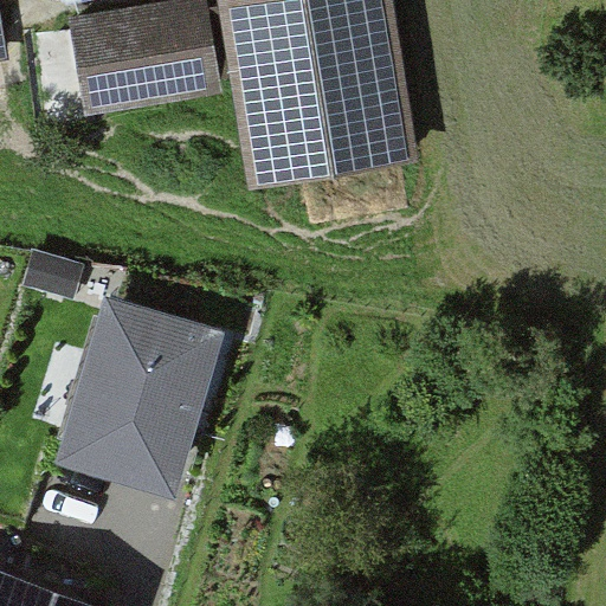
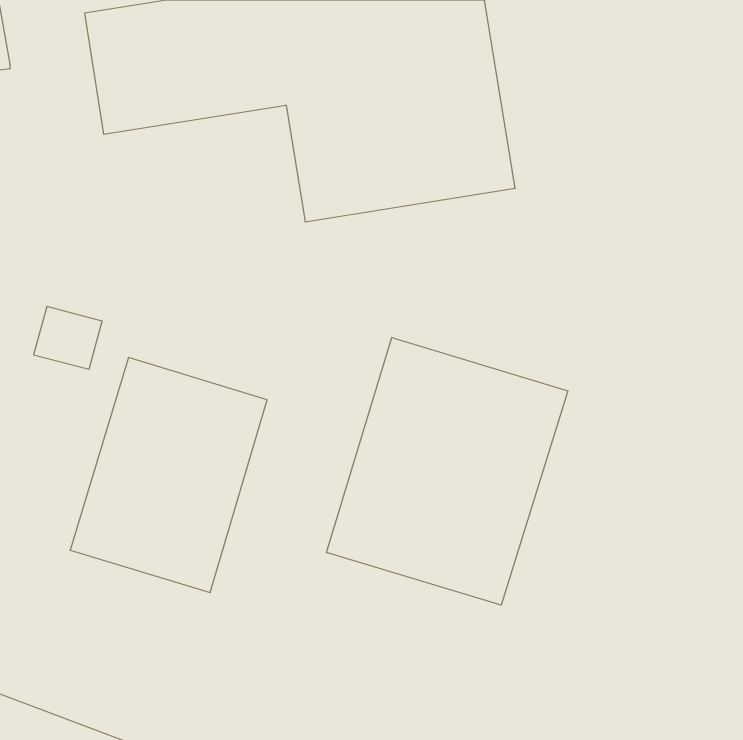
building: none -> [327,337,568,605]

